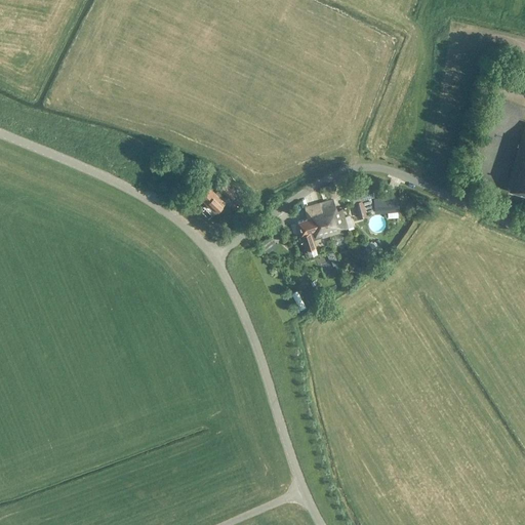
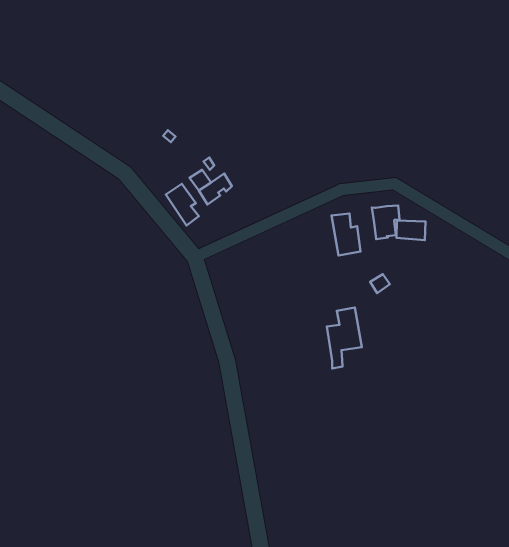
building: none -> [166,184,199,226]
building: [295,205,327,258] -> [327,307,362,368]

